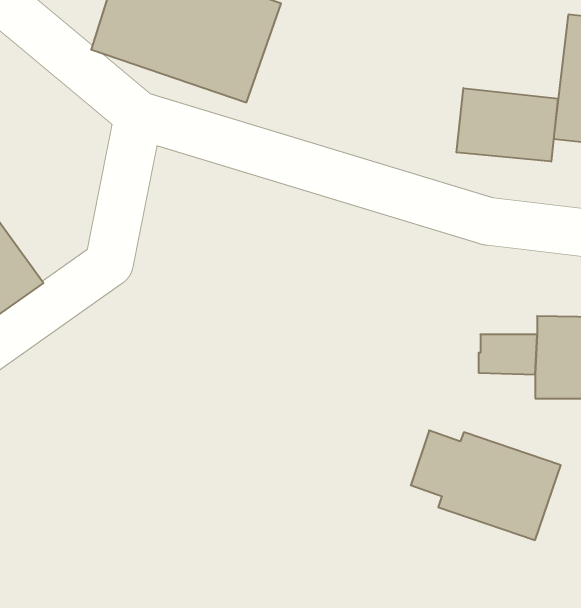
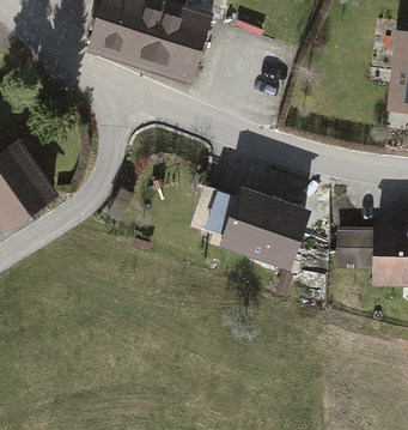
building: [457,88,558,162] -> none
building: [411,430,561,540] -> [208,189,306,261]

